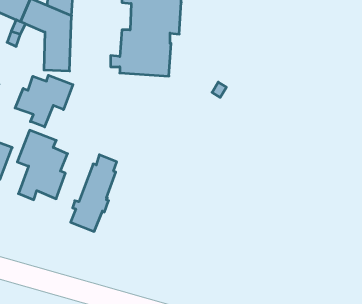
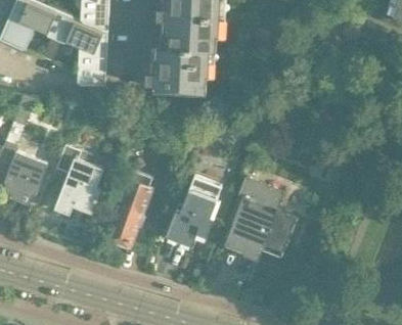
building: [15,75,73,127] -> none
building: none -> [167,177,222,246]
building: none -> [224,179,297,263]

